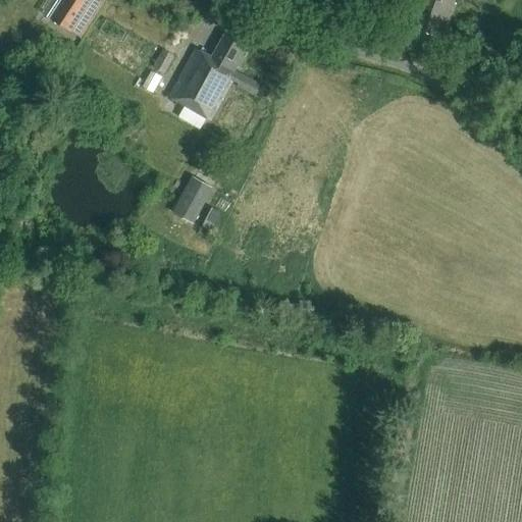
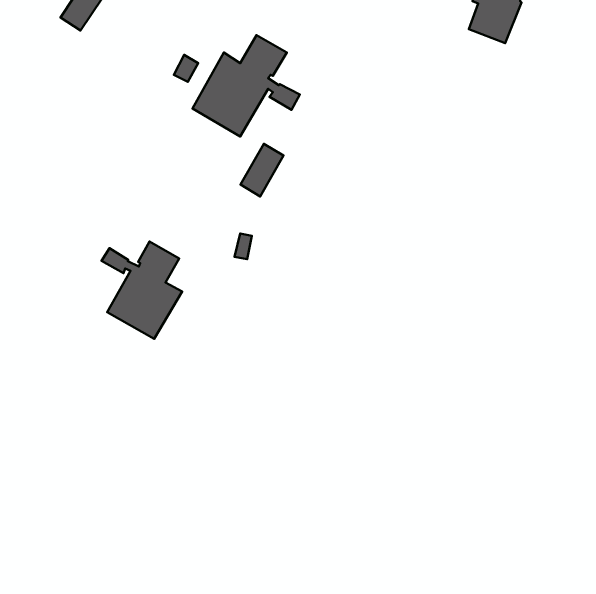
building: [171,176,209,222] -> [240,144,284,196]
building: none -> [102,241,182,339]

